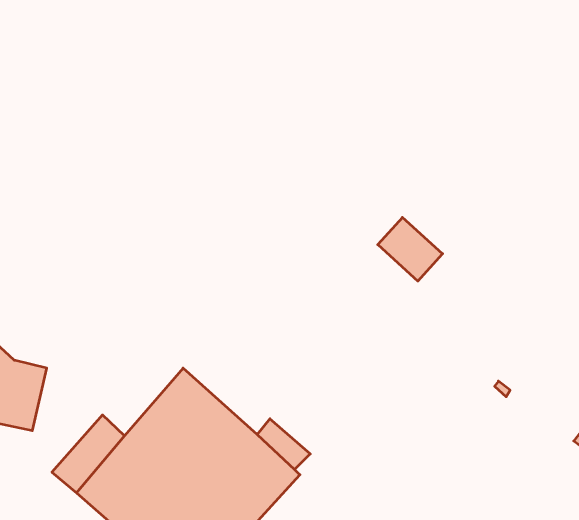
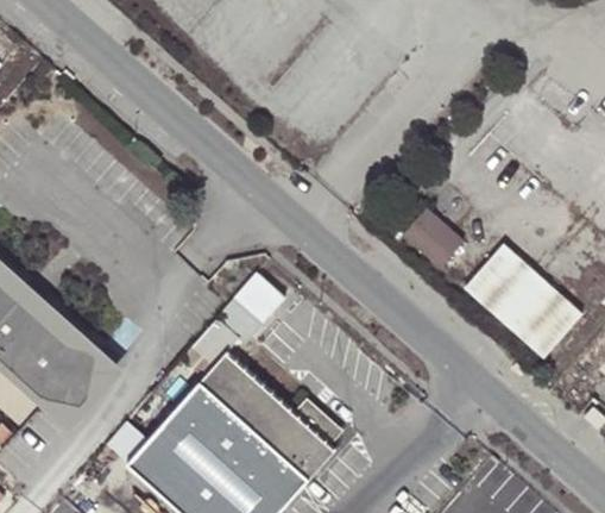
building: none -> [465,245,584,358]

